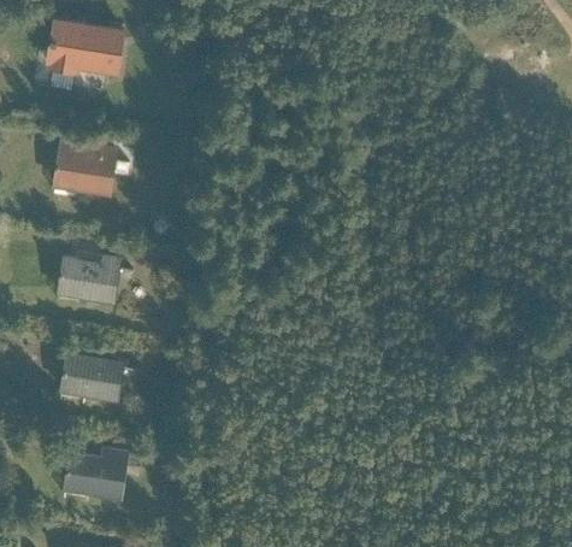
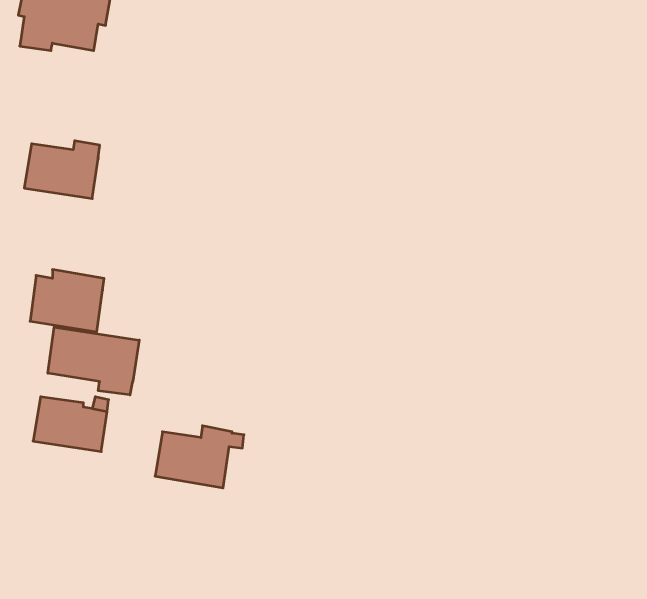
building: none -> [48,327,139,395]
building: [65,448,137,499] -> [155,426,244,488]

